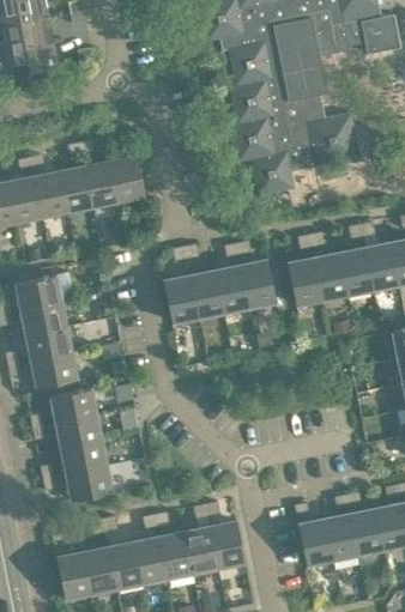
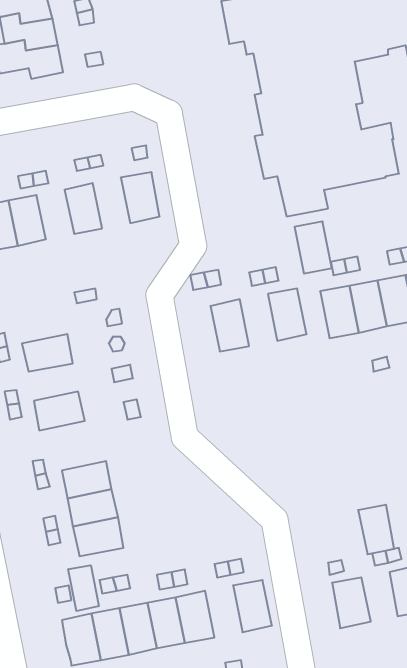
building: [85,162,119,207] -> none
building: [35,172,68,217] -> none
building: [217,266,250,313] -> [295,221,332,274]
building: [17,275,62,310] -> none
building: [164,277,199,323] -> none
building: [28,328,72,362] -> none
building: [52,389,97,424] -> none
building: none -> [68,565,99,611]
building: [326,515,358,559] -> [358,505,394,554]
building: [186,527,219,574] -> none

